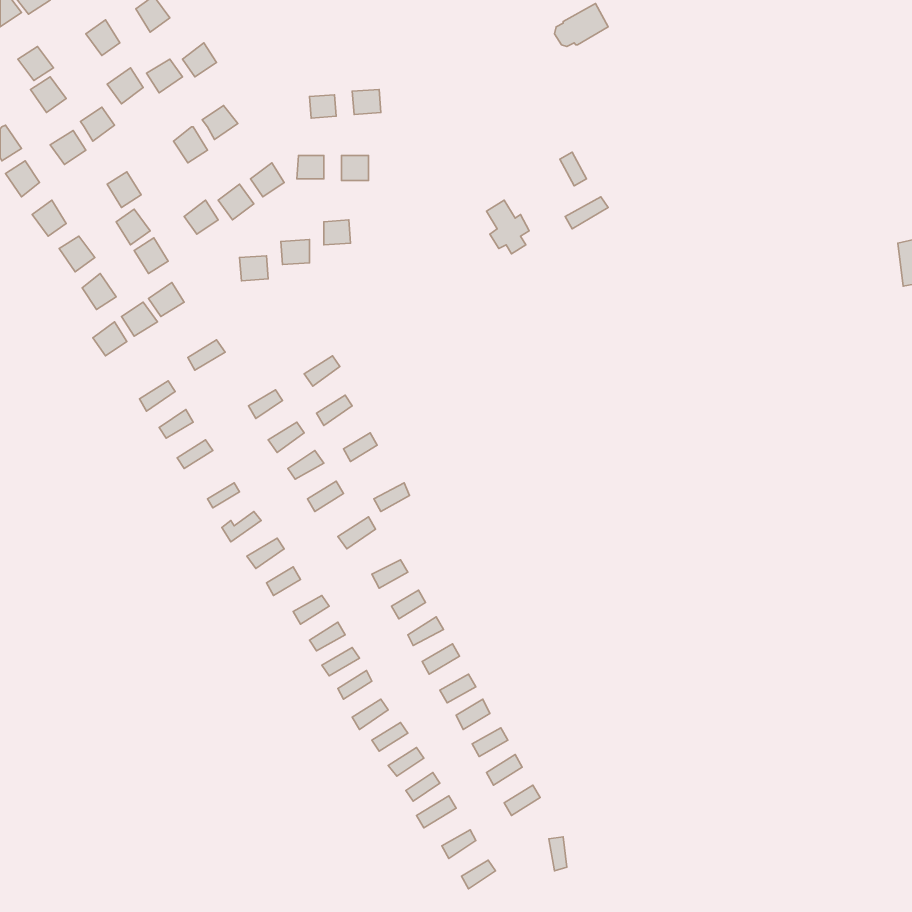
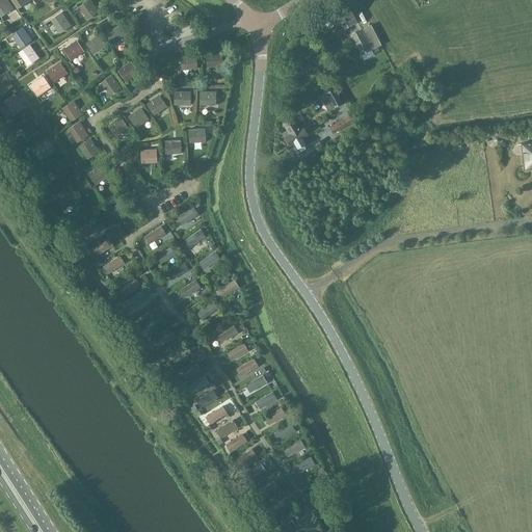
building: none -> [350,25,380,59]

